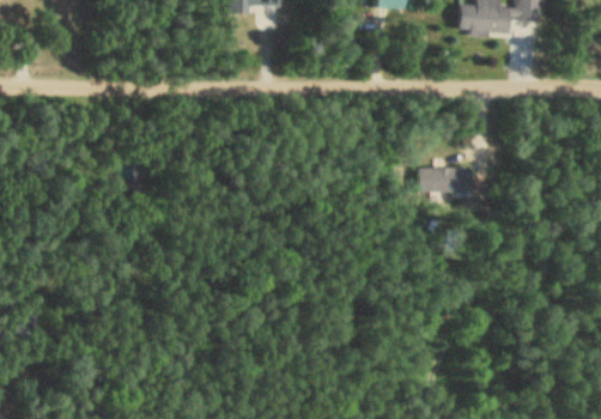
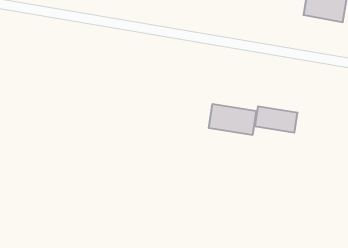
building: none -> [209,104,256,135]

